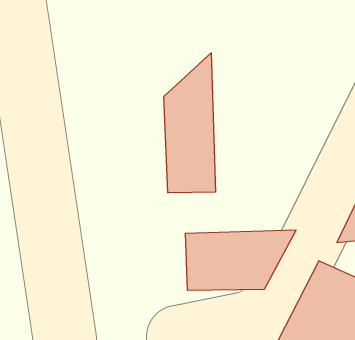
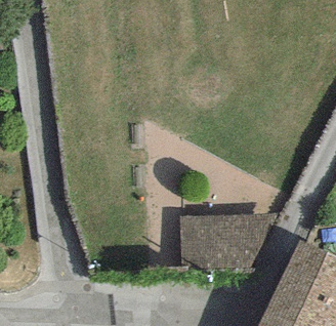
building: [164,53,215,193] -> none

